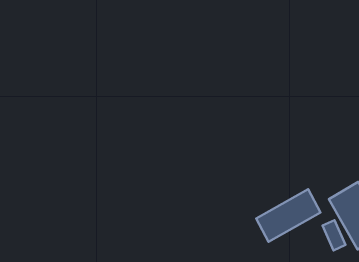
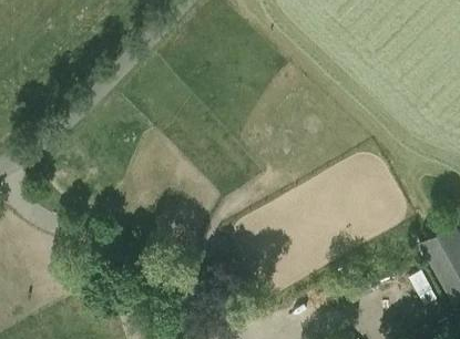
building: [256,189,320,242] -> none

